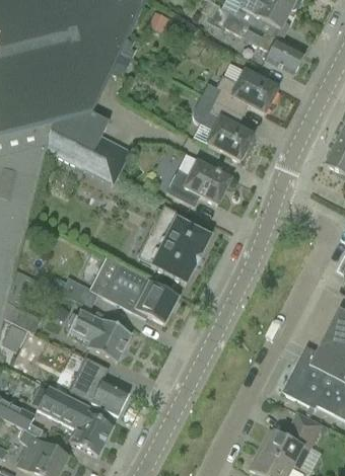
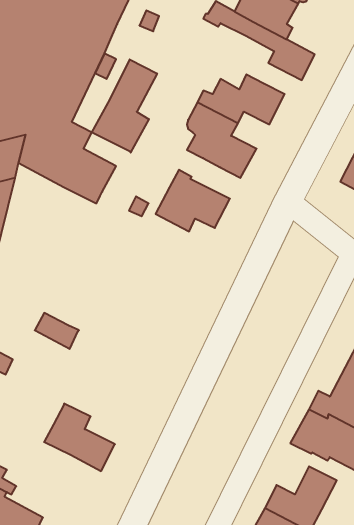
building: none -> [92,59,157,153]
building: [148,205,210,283] -> none
building: [100,261,178,323] -> none
building: [66,307,130,363] -> none
building: [37,386,113,454] -> none

